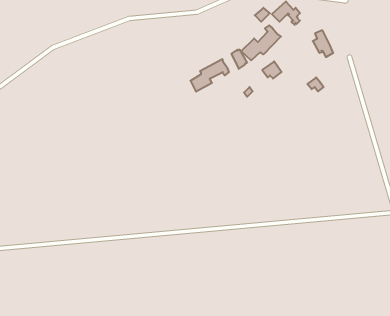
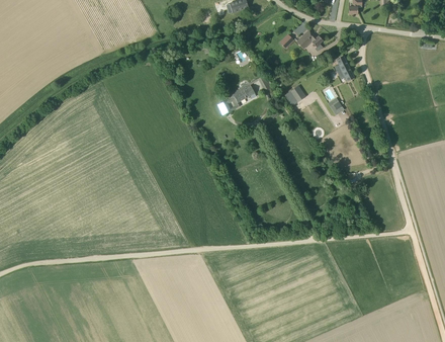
building: [241,25,281,60] -> none

